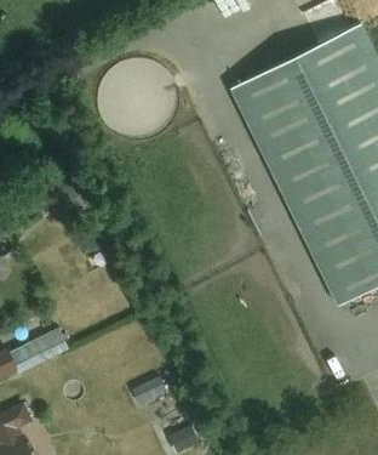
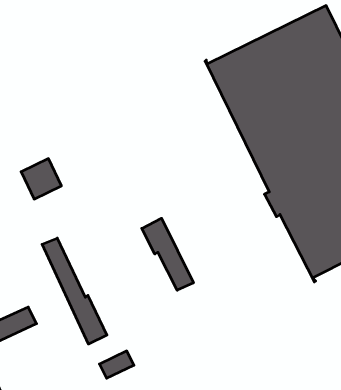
building: none -> [142,218,193,290]
building: none -> [42,238,107,344]

